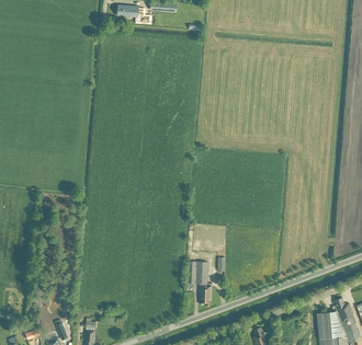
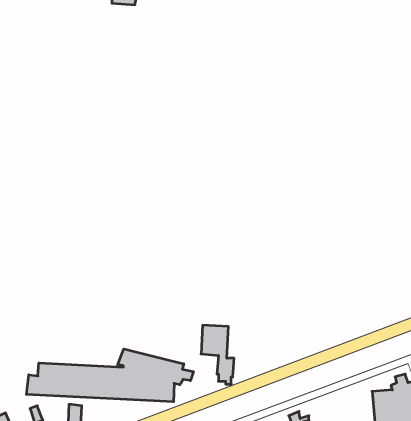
building: none -> [26,349,193,402]

